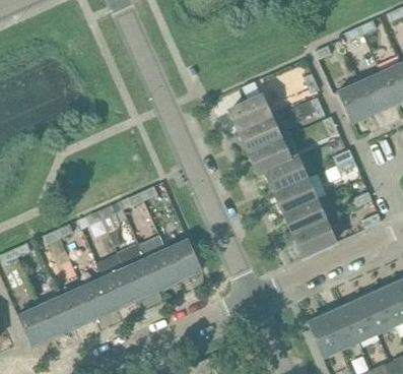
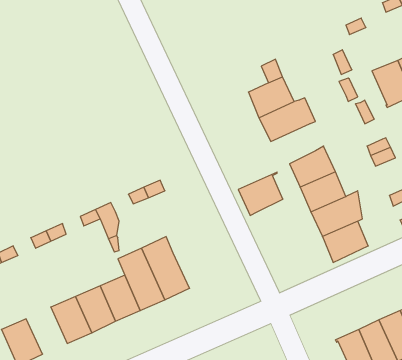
building: [249,137,287,175] -> [238,172,283,215]
building: [164,239,202,279] -> none
building: [38,296,73,336] -> none

